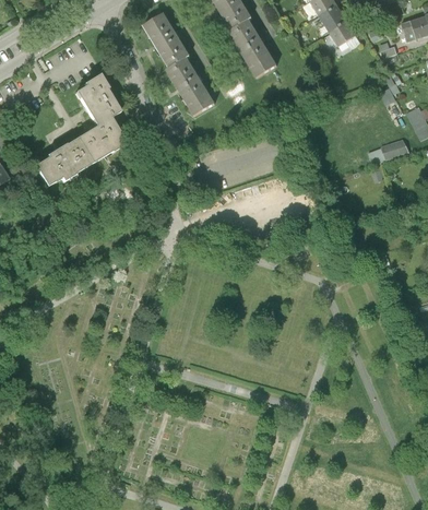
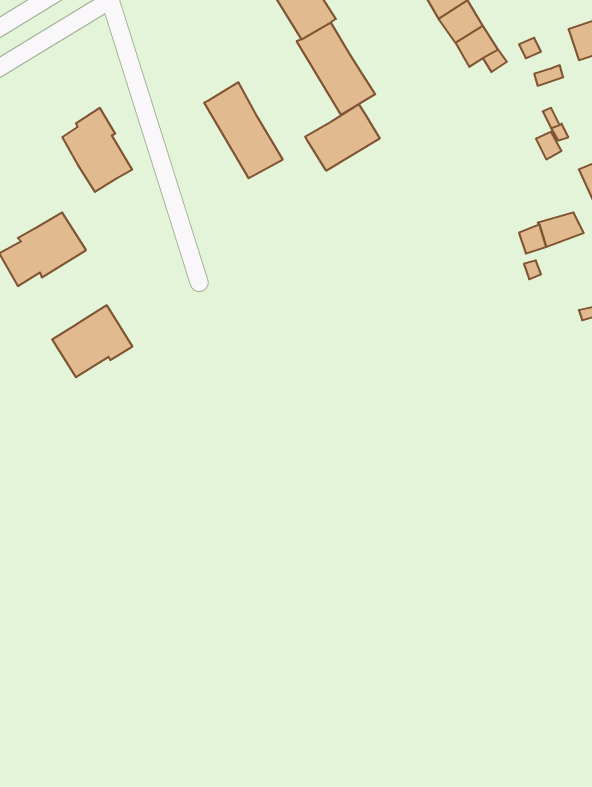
building: [144,13,191,68] -> none
building: none -> [305,104,380,171]
building: [76,117,128,163] -> [52,305,132,377]

